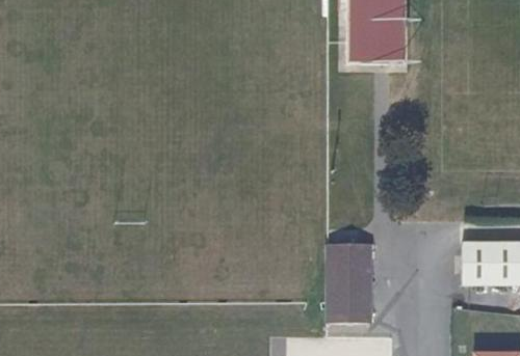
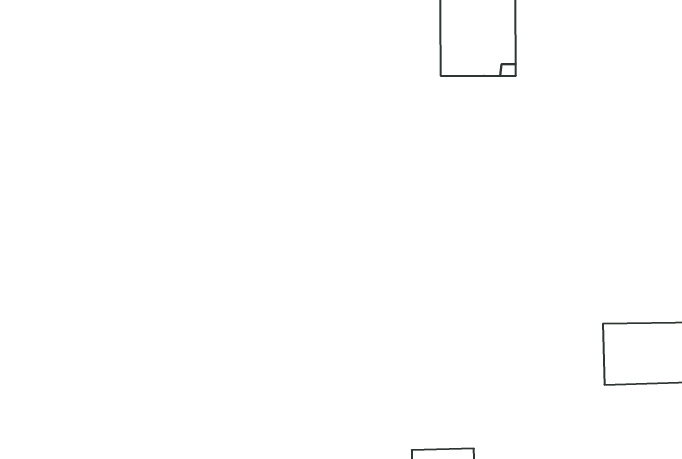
building: [328,243,372,324] -> none

